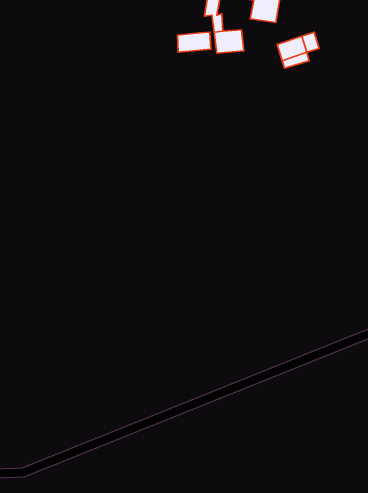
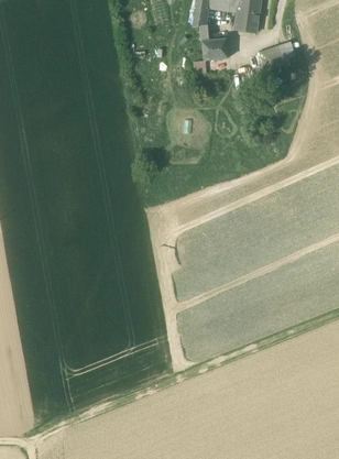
building: [177,32,211,52] -> none

